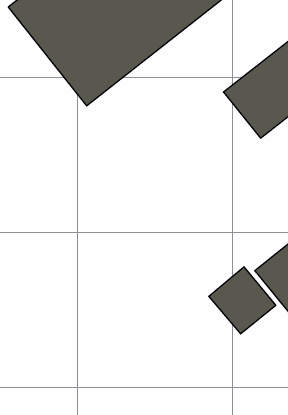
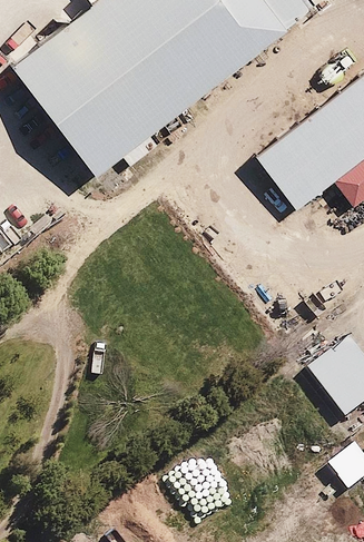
building: [209,267,276,334] -> none

